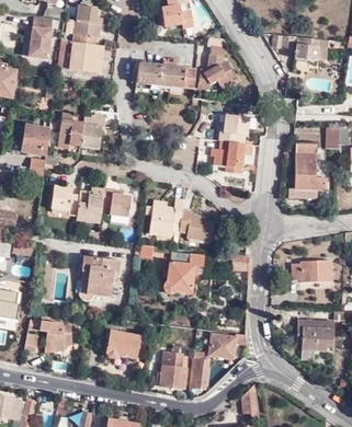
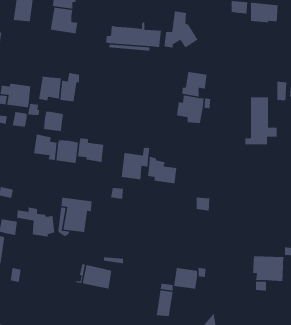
building: none -> [43,111,64,132]
building: [163,252,200,302] -> none
building: [293,261,330,281] -> none
building: [27,316,71,351] -> [16,206,55,238]
building: [156,351,186,389] -> none

